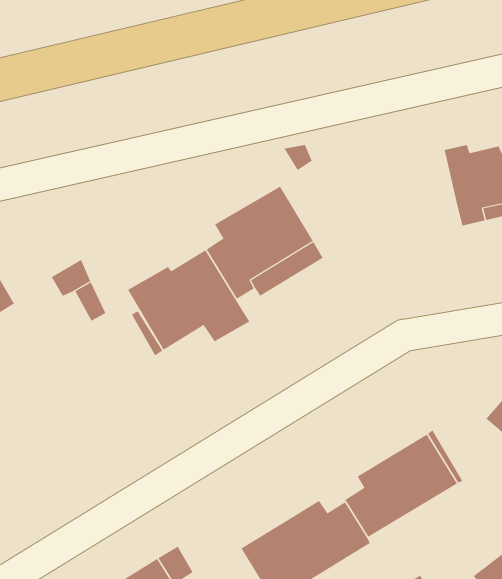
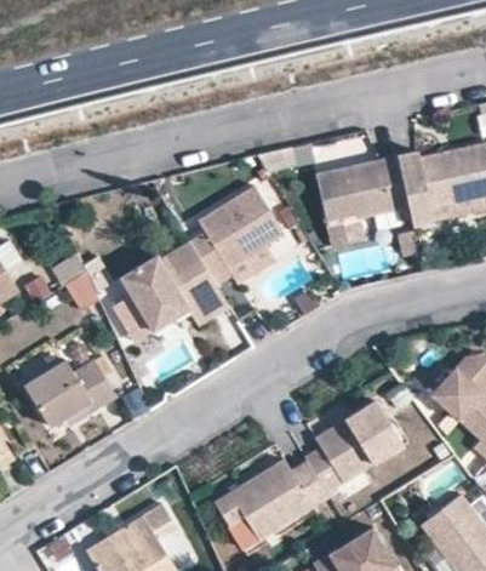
building: none -> [314,156,405,239]
building: none -> [23,359,115,426]

